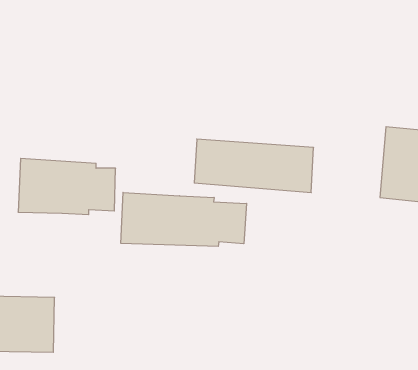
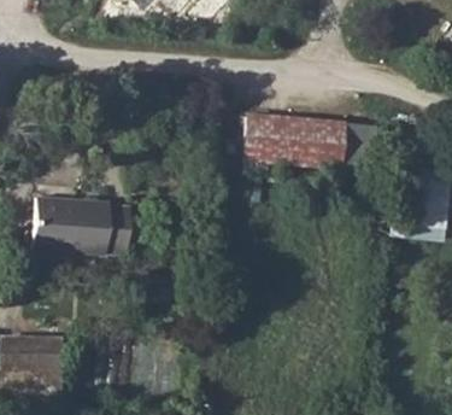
building: [194,139,314,193] -> [247,115,365,168]
building: [121,192,247,246] -> none

